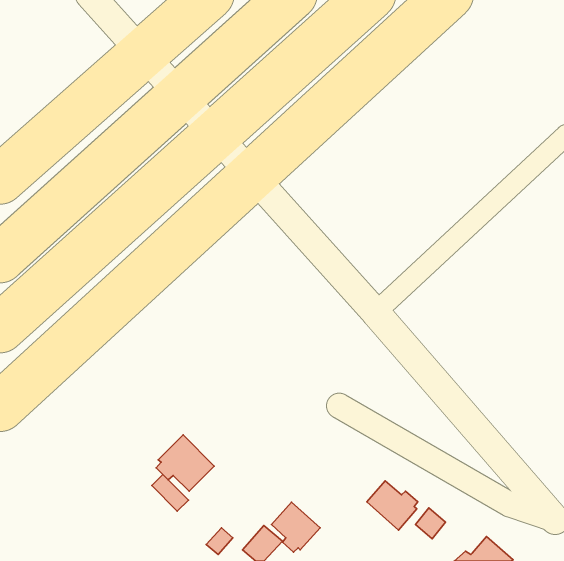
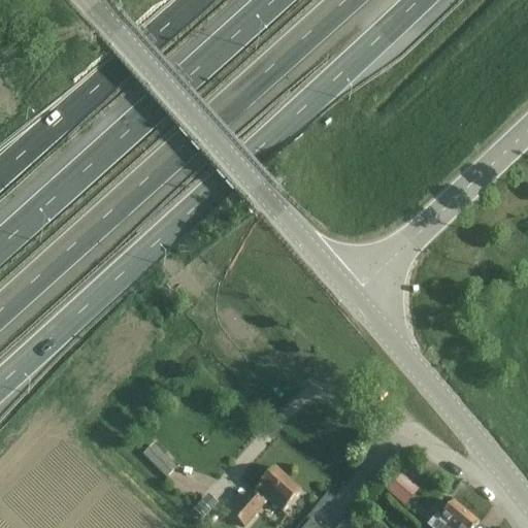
building: [156,435,214,491] -> none
building: [367,481,418,530] -> none

